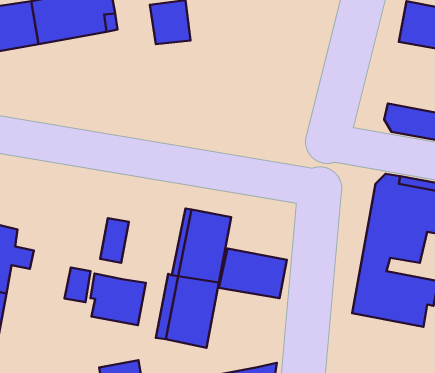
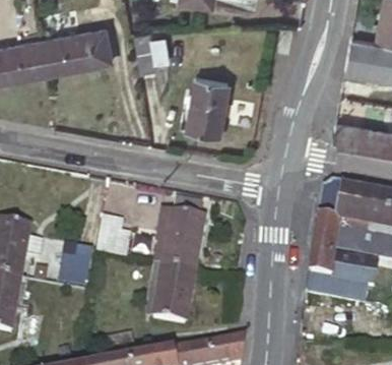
building: none -> [186,71,228,132]
building: [219,249,287,298] -> none
building: [90,273,146,325] -> none

